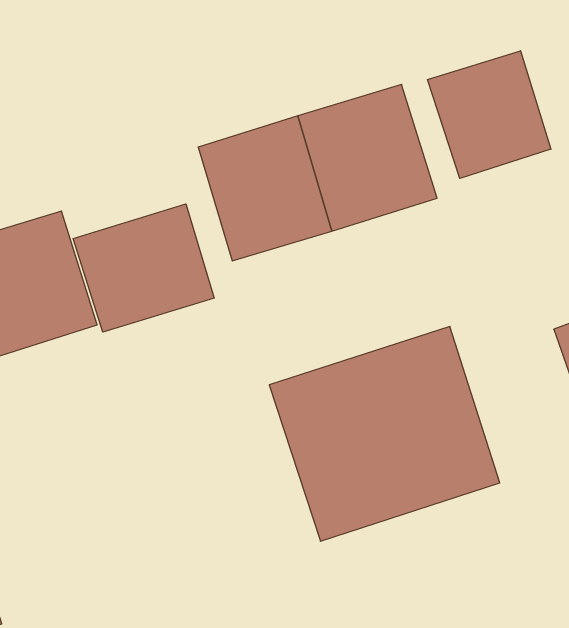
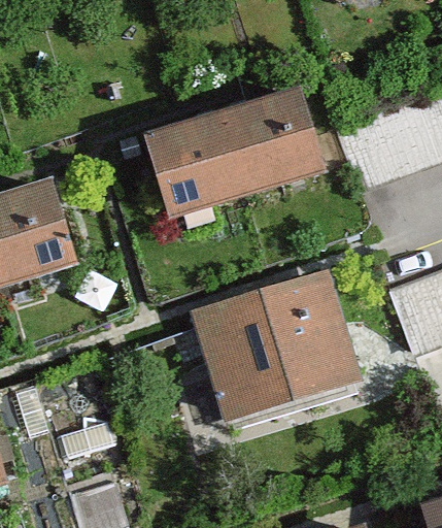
building: [428,51,551,178] -> none
building: [73,204,214,332] -> none

